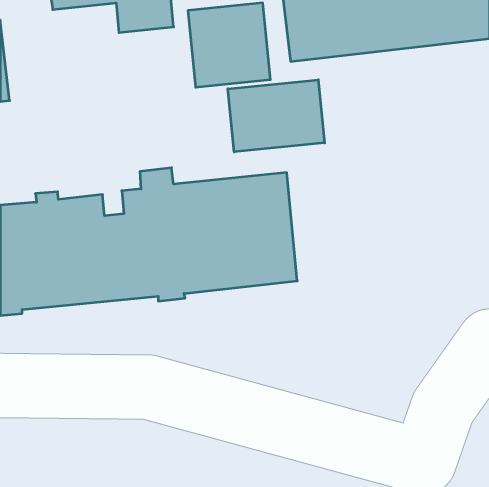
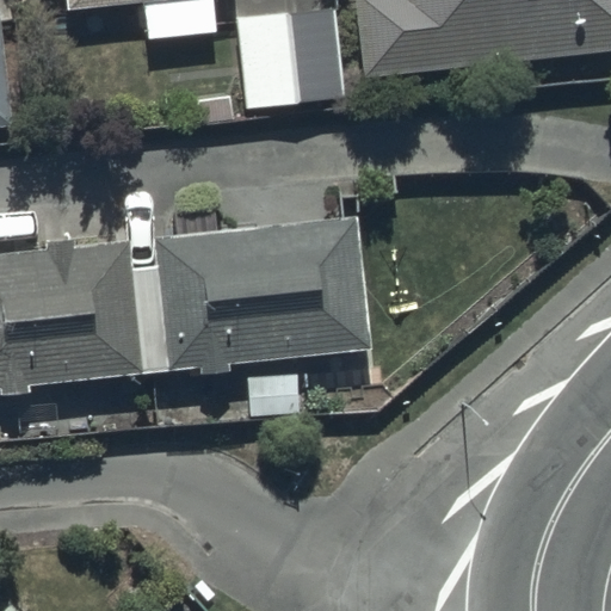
building: [228,80,325,152] -> none

